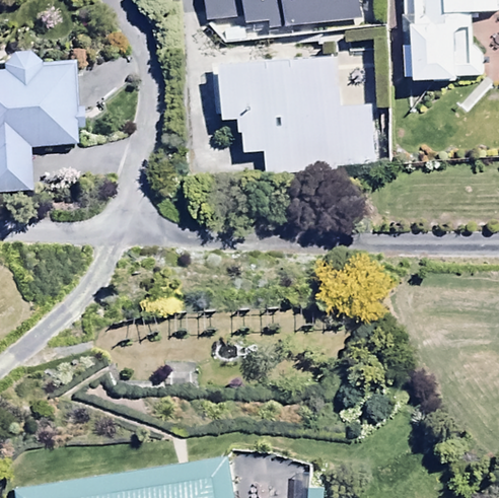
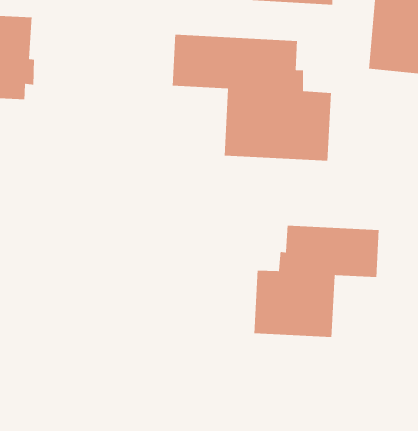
building: none -> [253,225,380,338]

